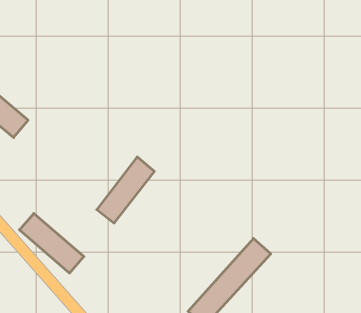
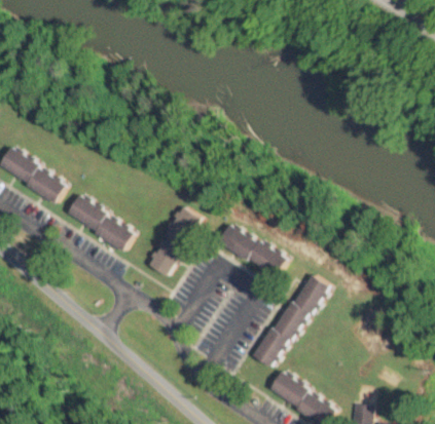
building: none -> [220,227,286,275]
building: [19,213,84,273] -> [65,194,134,249]

